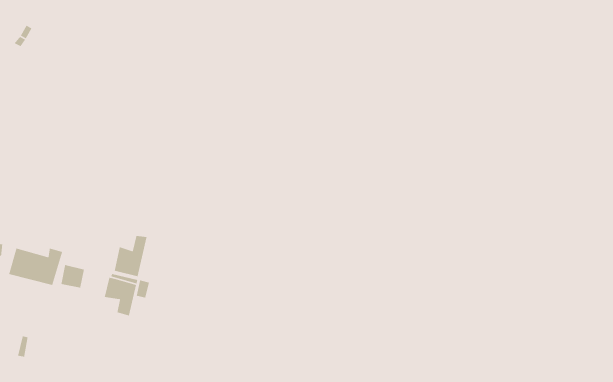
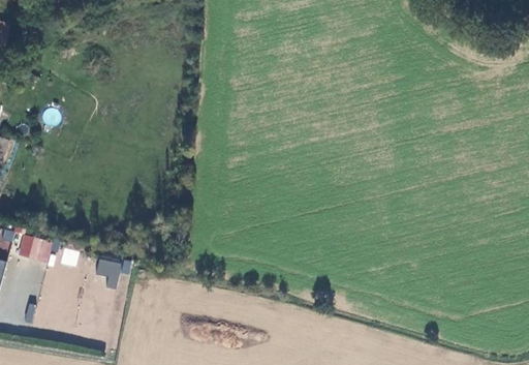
building: [114,235,147,277] -> none

